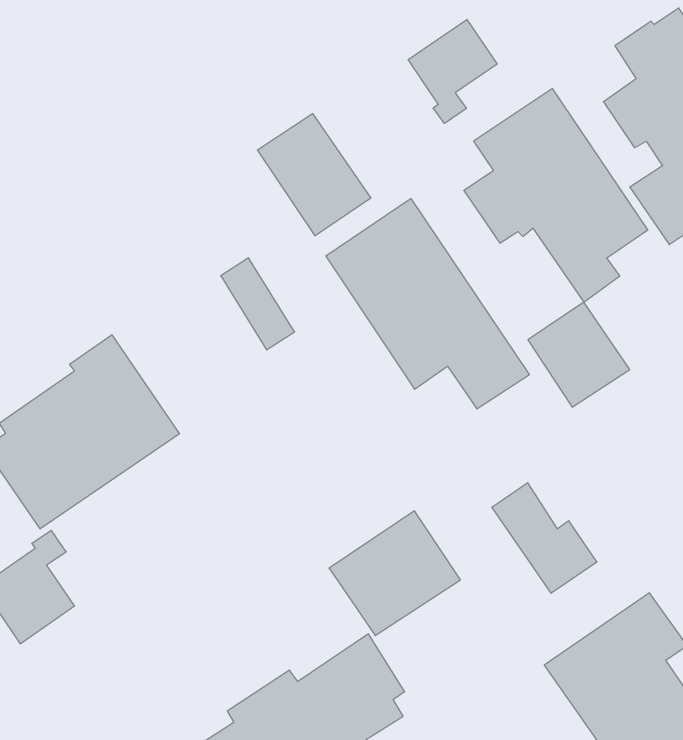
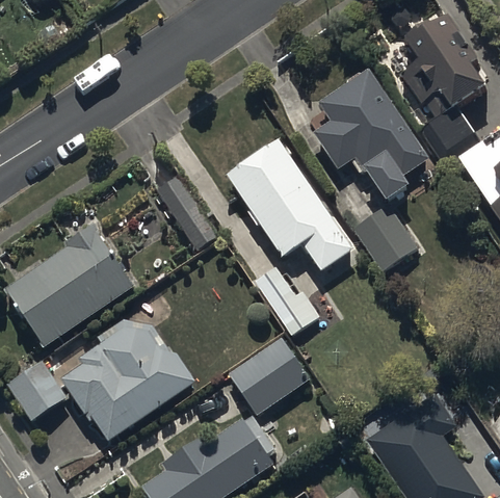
building: [408,19,497,123] -> none
building: [257,114,371,236] -> none
building: none -> [60,318,195,441]
building: [492,483,597,593] -> [253,265,319,335]

